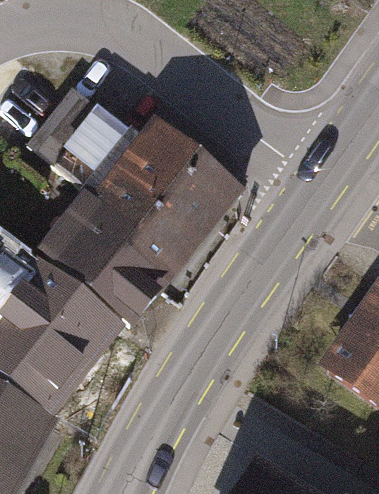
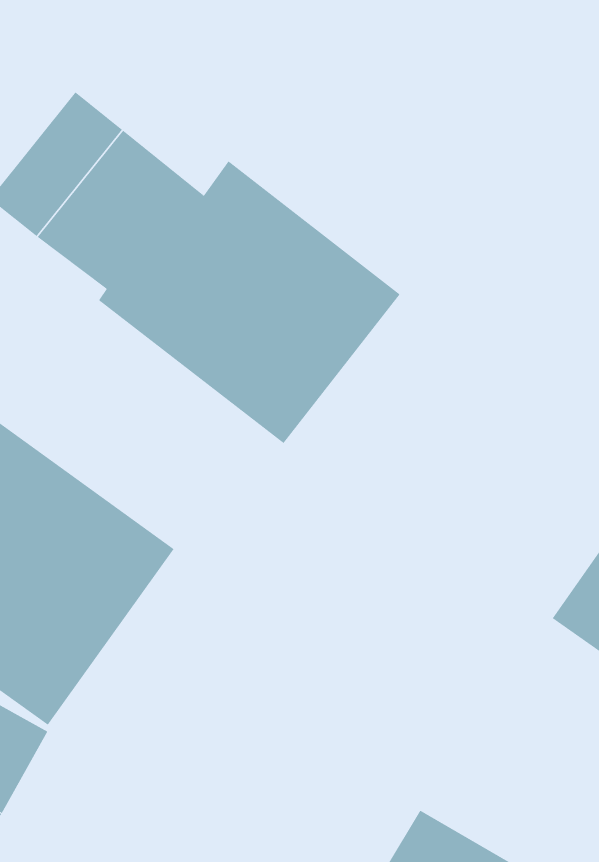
building: [38,191,181,326] -> none

